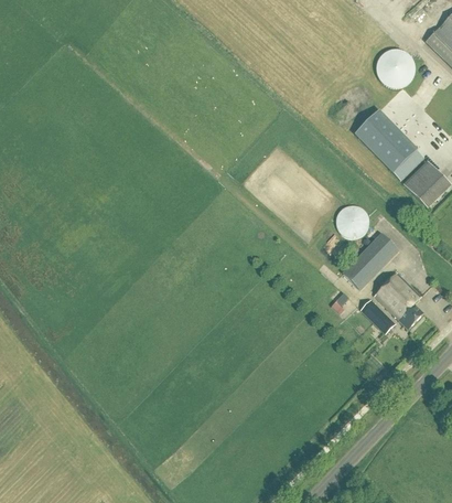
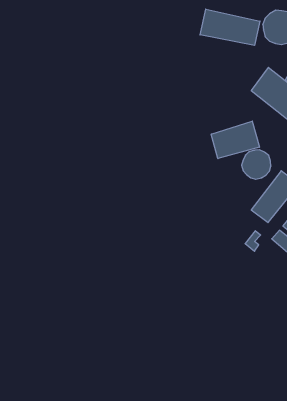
building: none -> [200,9,260,45]
building: none -> [211,121,259,159]

